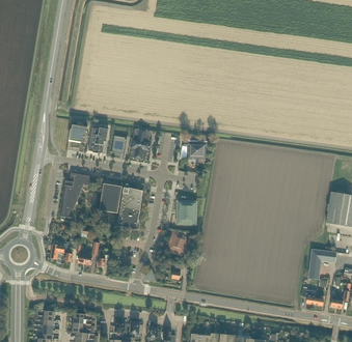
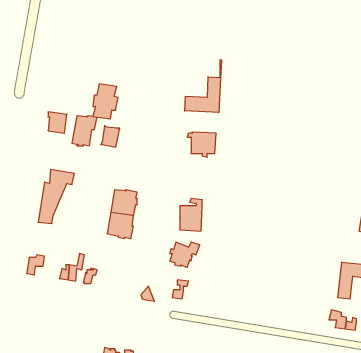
building: none -> [185,60,221,113]
building: [131,130,152,159] -> [93,84,118,119]
building: [100,183,123,212] -> none

